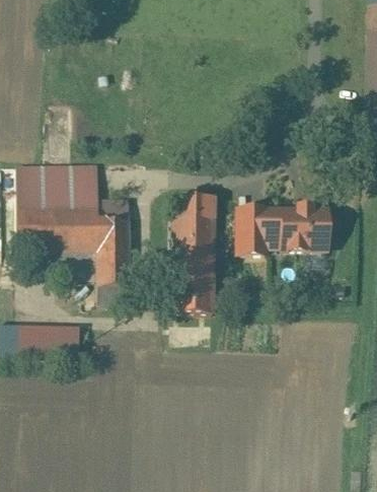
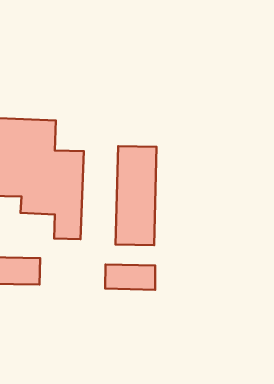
building: [237,200,336,255] -> none
building: none -> [105,264,155,290]

